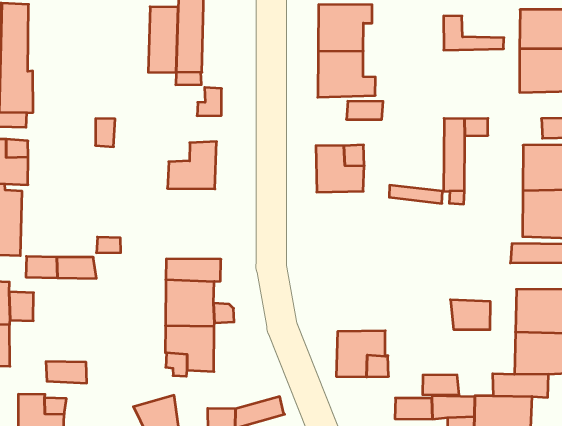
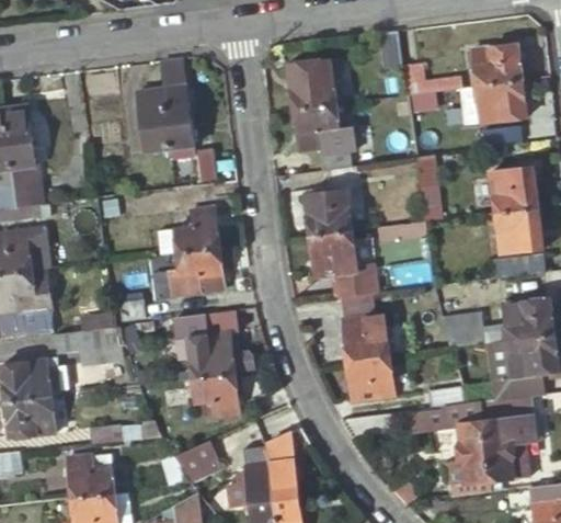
building: none -> [168,249,224,295]
building: none -> [310,232,360,300]
building: none -> [340,315,389,362]

